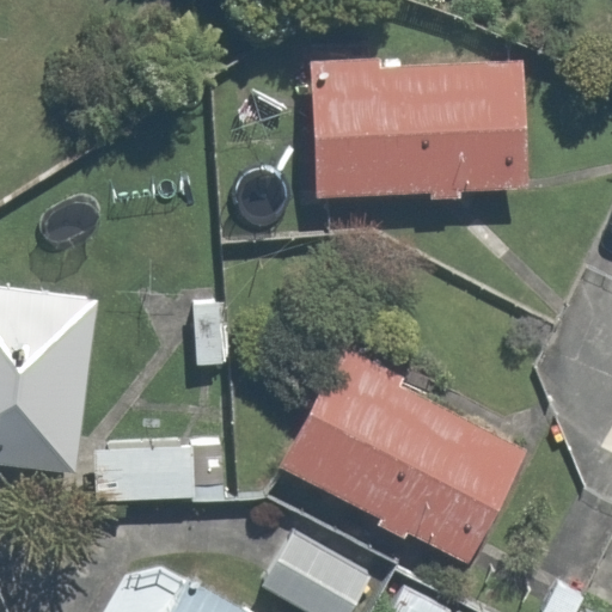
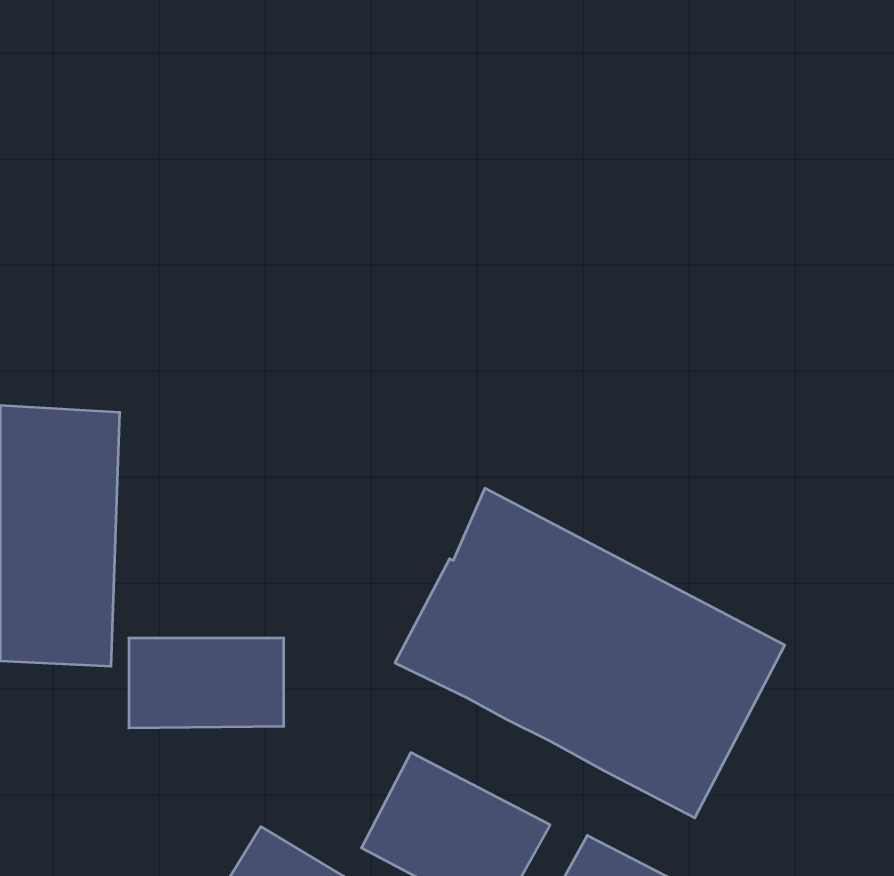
building: [316,44,513,201] -> none

